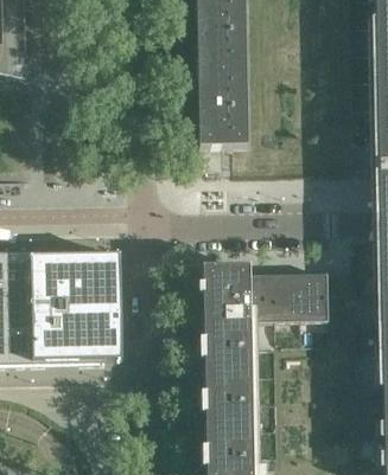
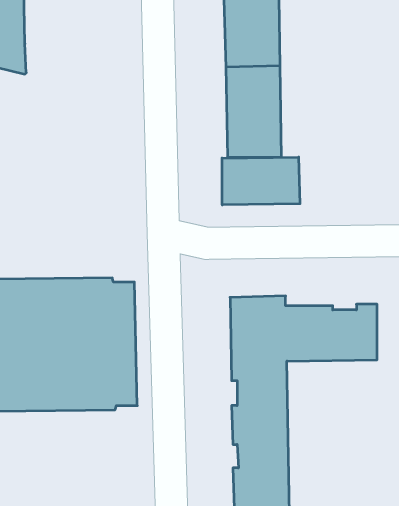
building: none -> [222,157,300,205]

